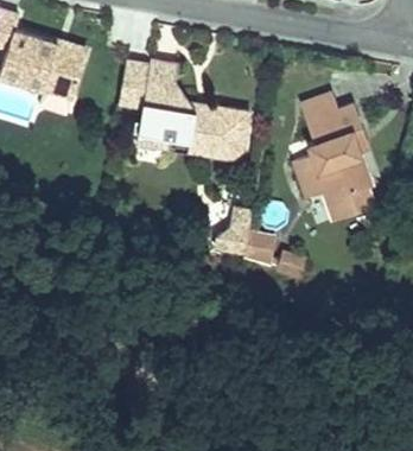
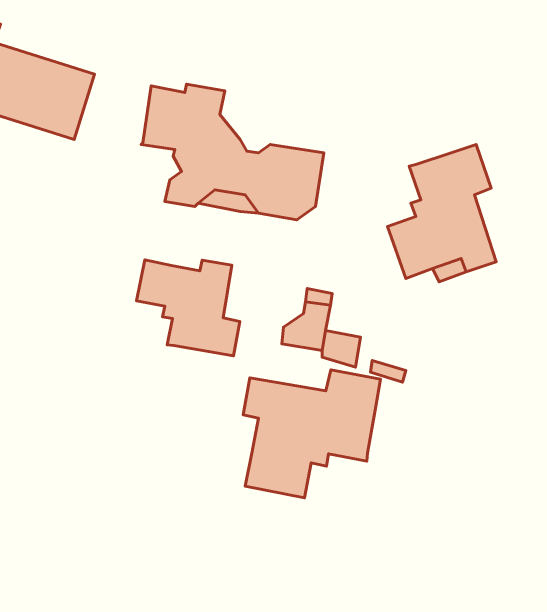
building: none -> [137,260,240,356]
building: none -> [243,370,380,498]

